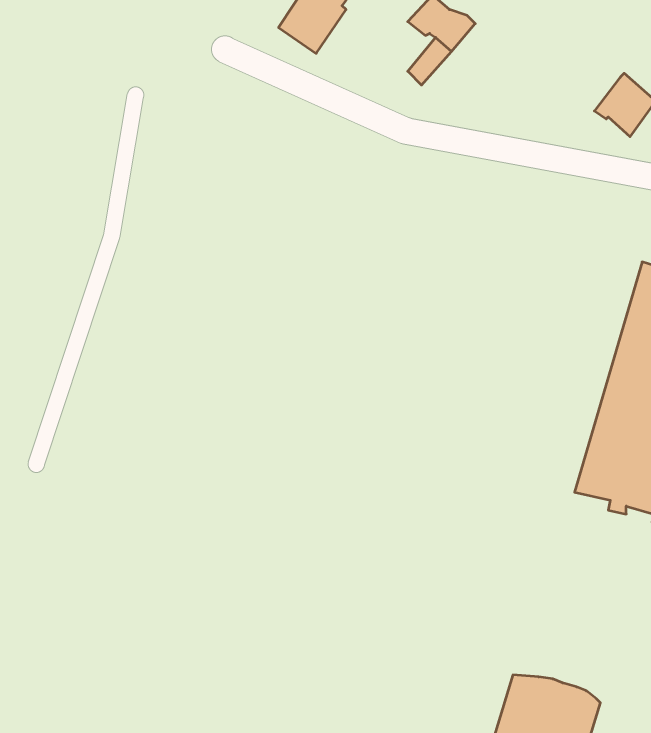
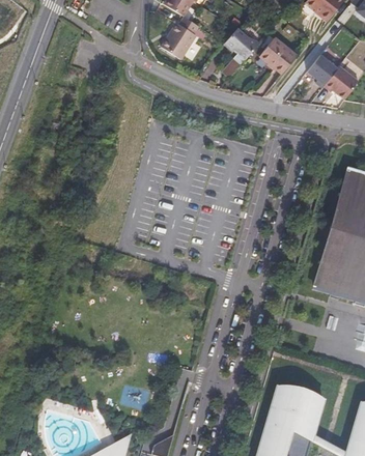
building: none -> [261,38,298,75]
building: none -> [306,58,336,90]

